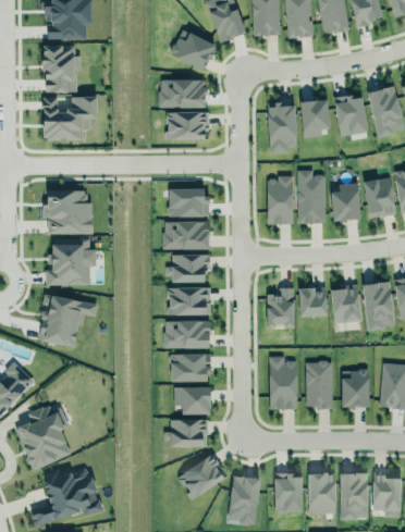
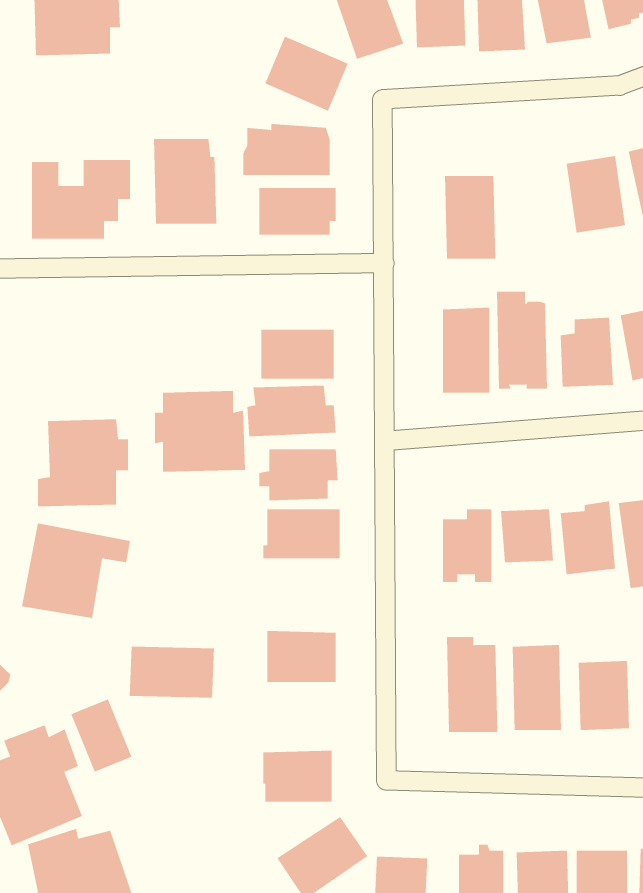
building: [44,46,78,92] -> [153,138,217,224]
building: [300,100,329,138] -> none
building: [42,190,93,235] -> [154,390,246,472]
building: [163,321,210,349] -> [129,646,215,698]
building: [174,387,210,415] -> none
building: none -> [71,699,132,772]

